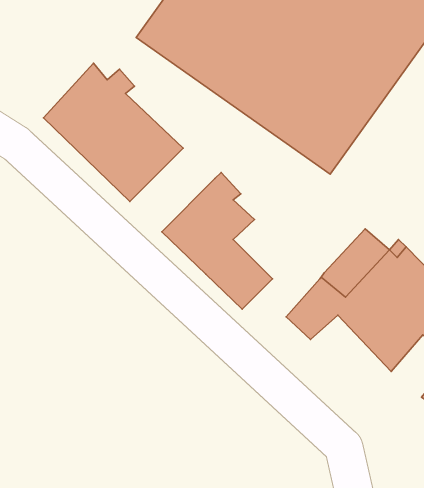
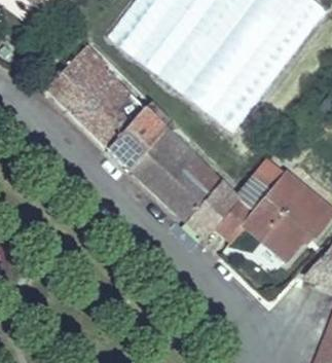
building: none -> [106,111,163,168]
building: none -> [176,159,234,238]

